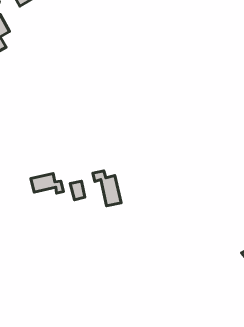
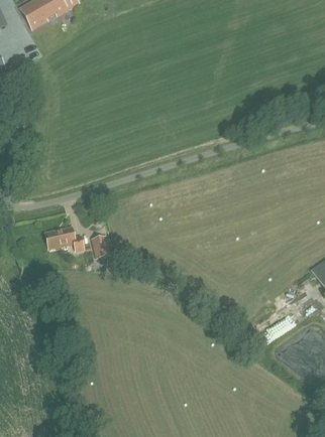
building: [93,171,121,206] -> none

